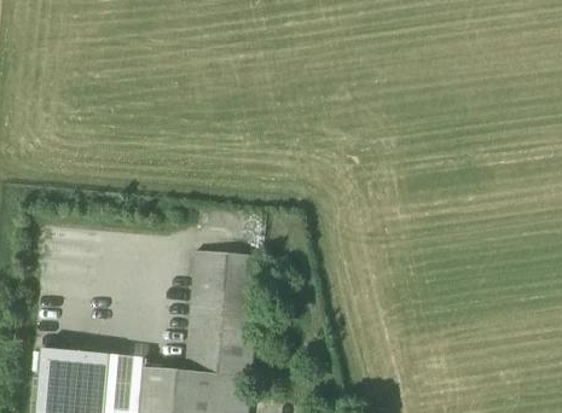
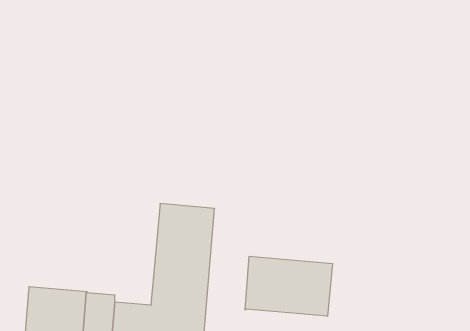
building: none -> [245,256,332,316]

